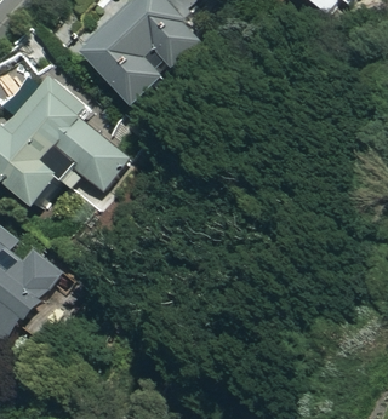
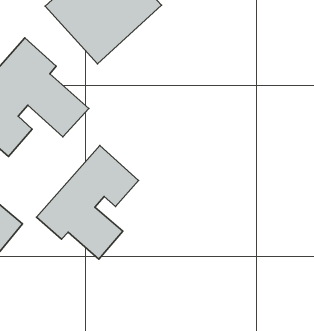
building: none -> [37,146,139,259]

